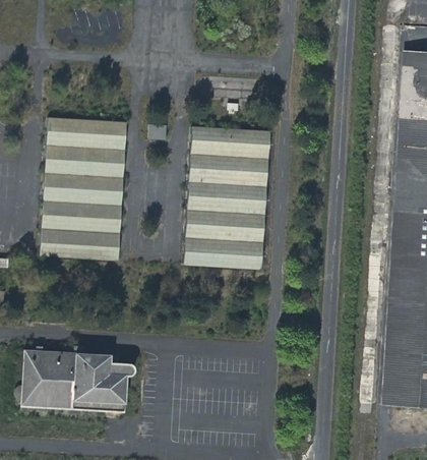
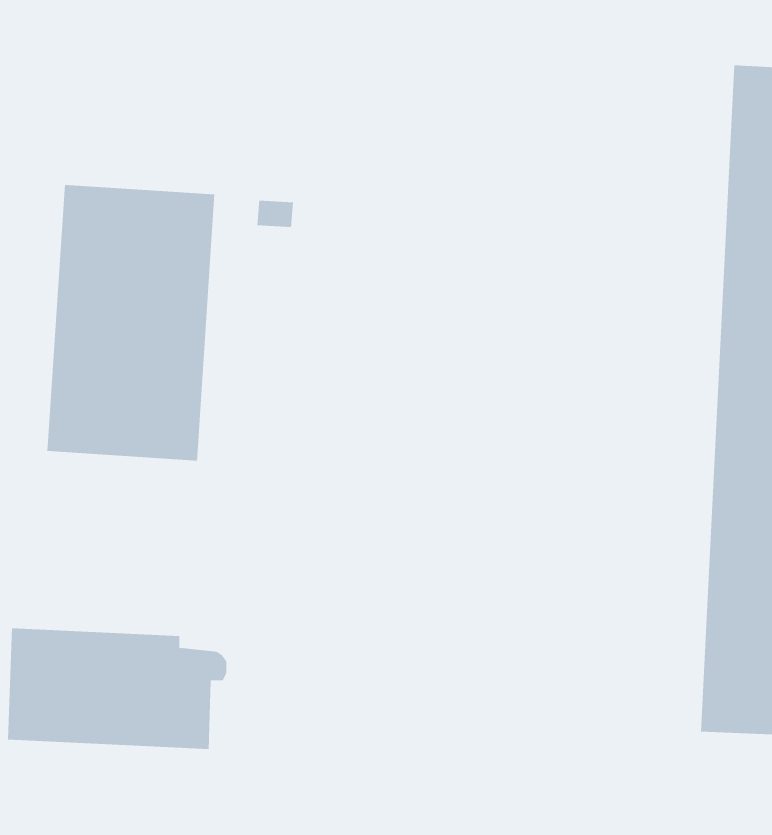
building: [184,126,271,270] -> none

